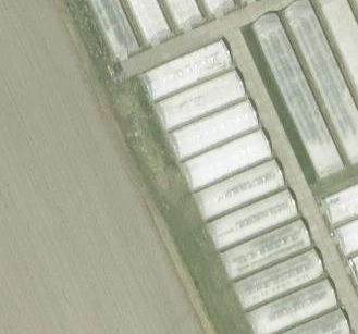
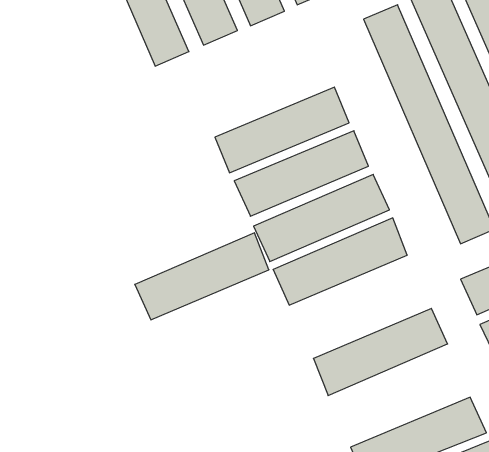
building: [143,39,233,98] -> none
building: [208,188,298,247] -> [135,233,269,320]
building: [235,248,325,307] -> none

